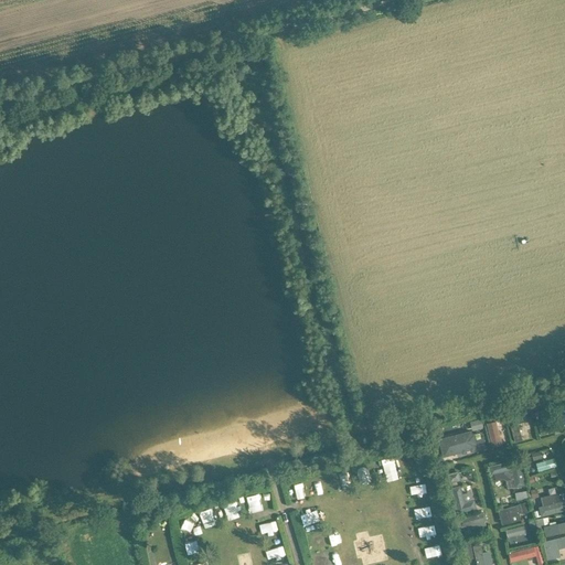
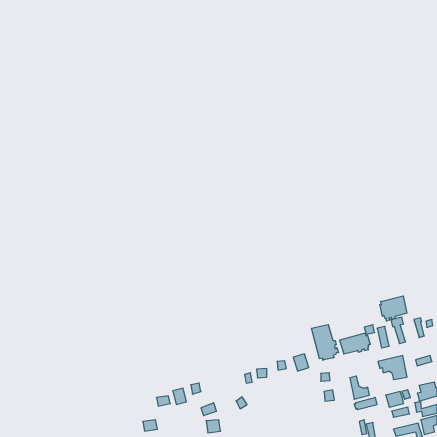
building: none -> [380,296,407,321]
building: none -> [312,325,339,360]

